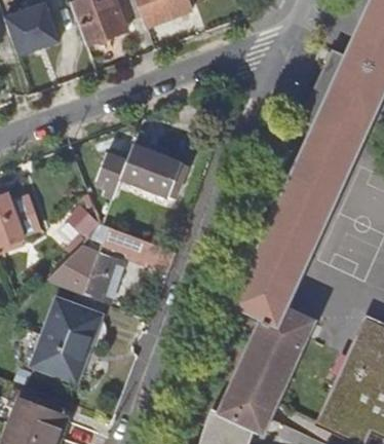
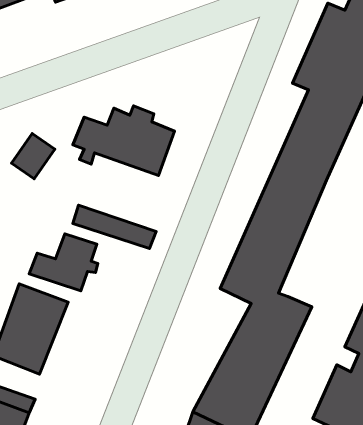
building: [62,201,101,243] -> [11,133,55,179]

